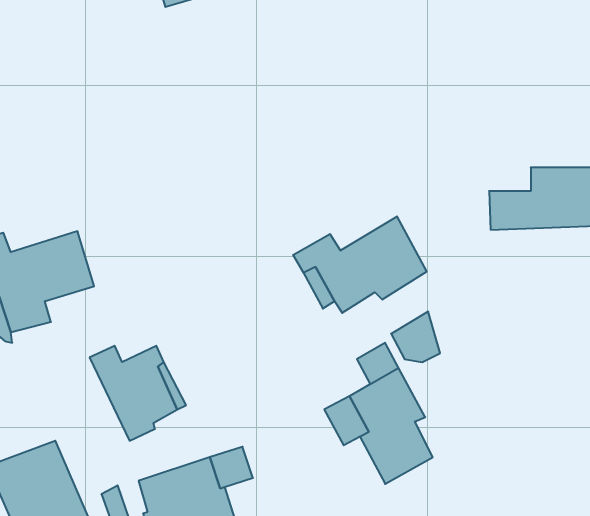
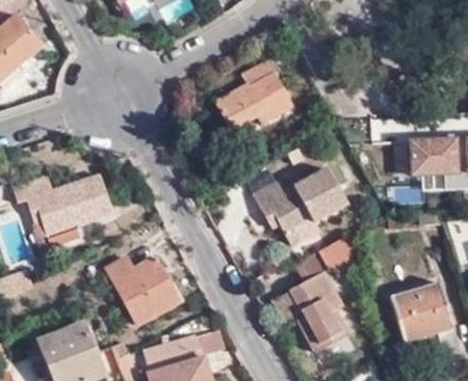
building: none -> [213,61,292,132]
building: none -> [391,279,454,343]

